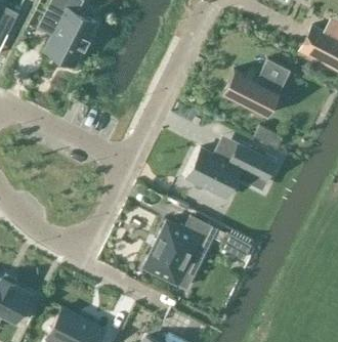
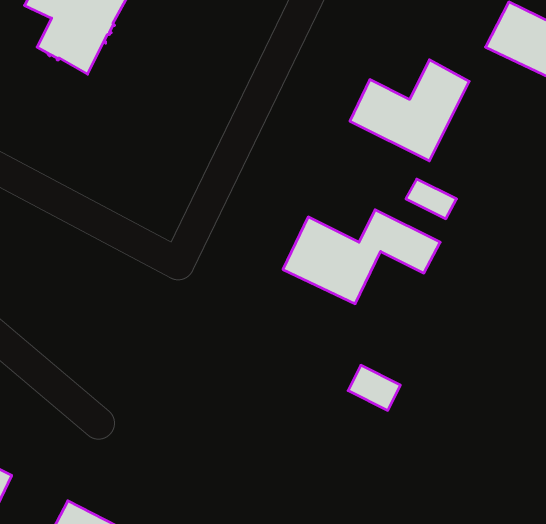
building: [142,217,217,290] -> none

